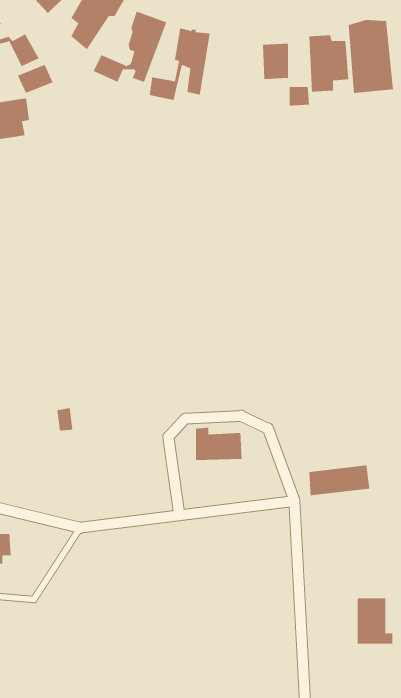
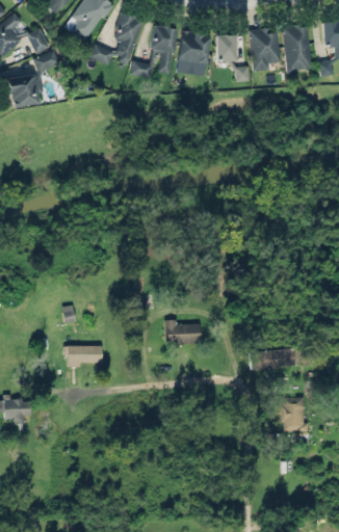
building: none -> [177,30,209,69]
building: none -> [66,345,101,367]
building: [357,598,393,644] -> [281,398,308,432]

